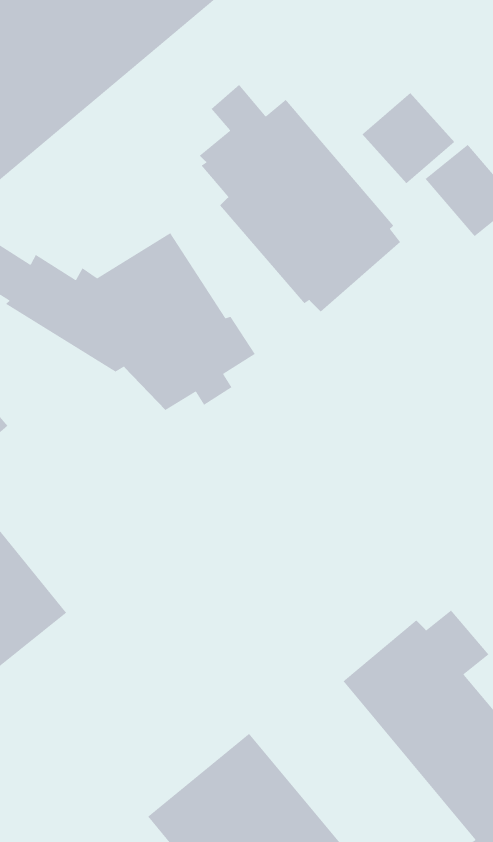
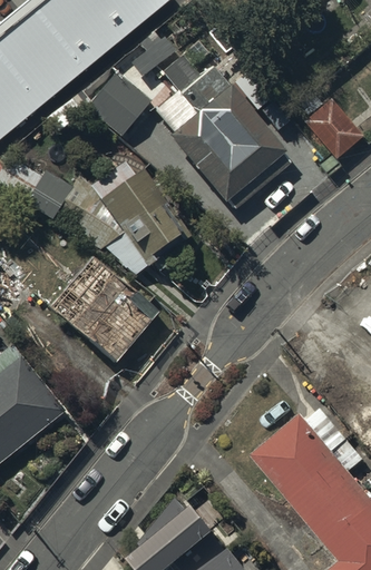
building: [362,92,455,184] -> none
building: none -> [88,68,150,136]
building: none -> [49,254,159,362]

